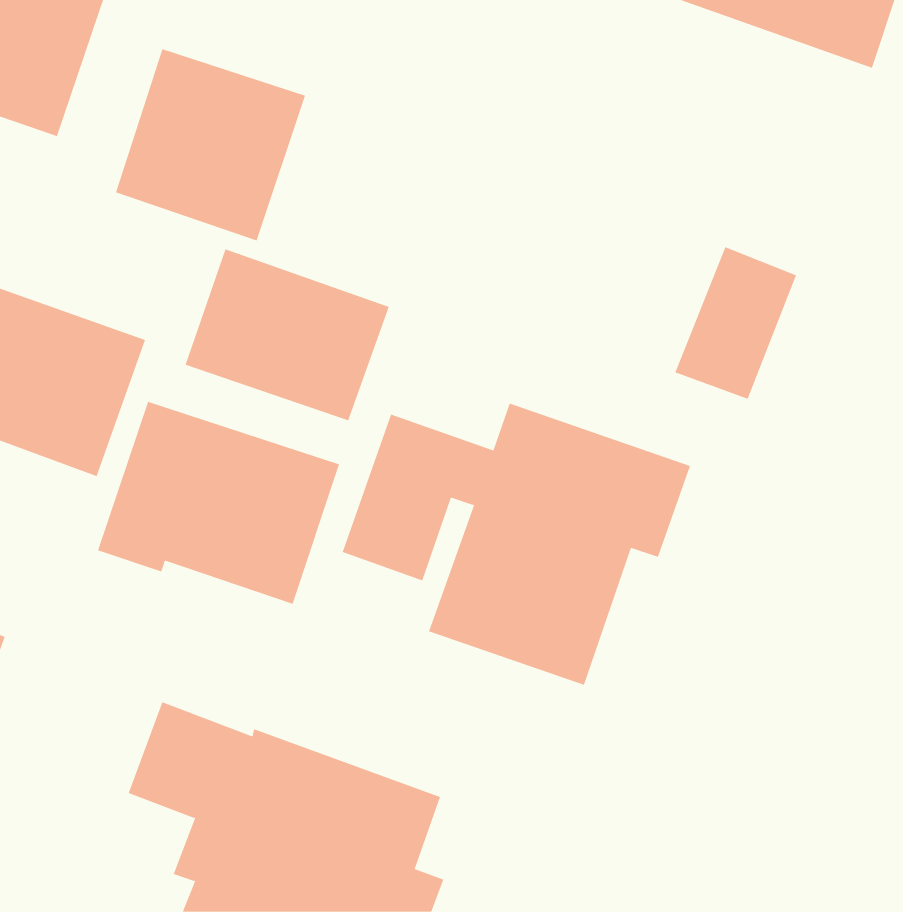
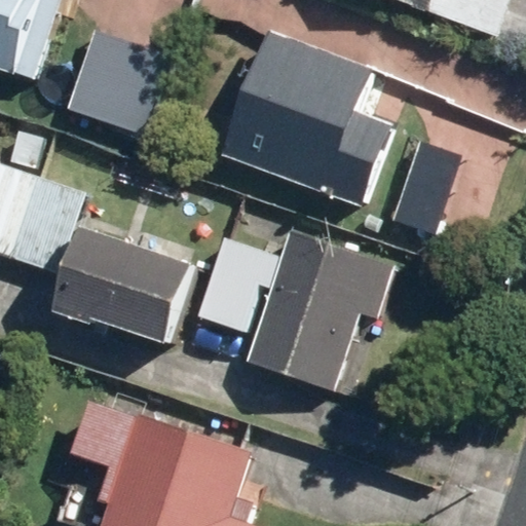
building: none -> [221,29,394,204]
building: [185,249,389,421] -> none

